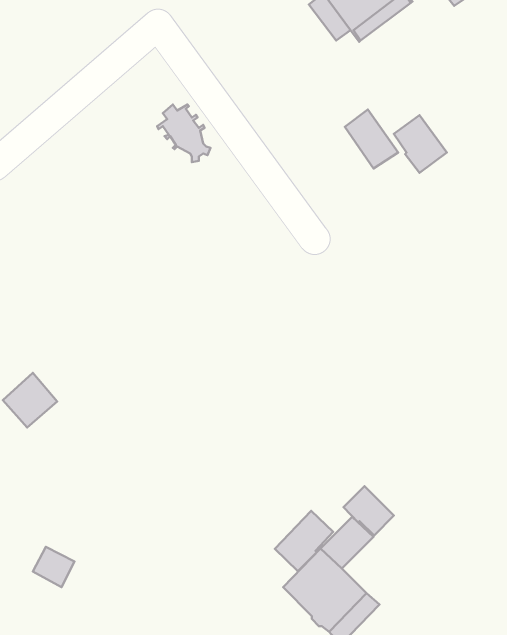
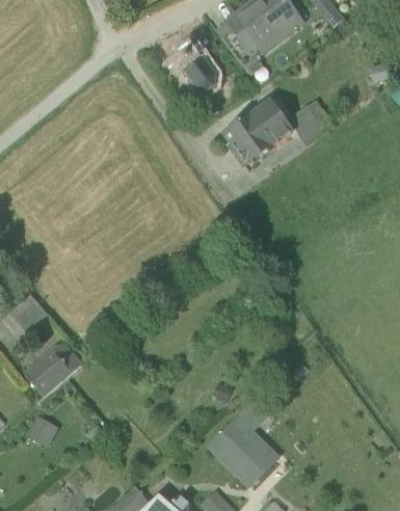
building: [157,105,210,162] -> [179,51,217,92]
building: none -> [224,113,274,166]
building: none -> [26,341,82,395]
building: [344,486,394,535] -> none
building: [275,511,333,571] -> none

